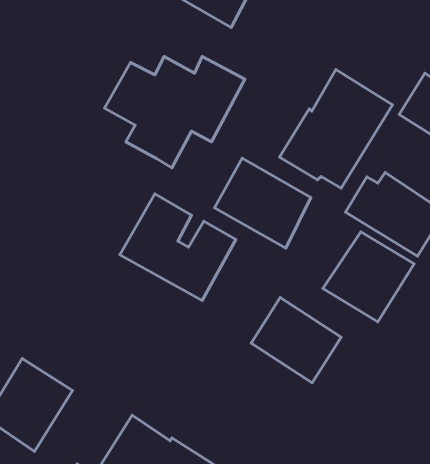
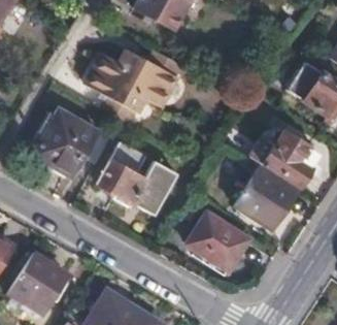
building: [279,69,393,188] -> none
building: none -> [33,108,110,176]
building: [214,158,311,248] -> none

